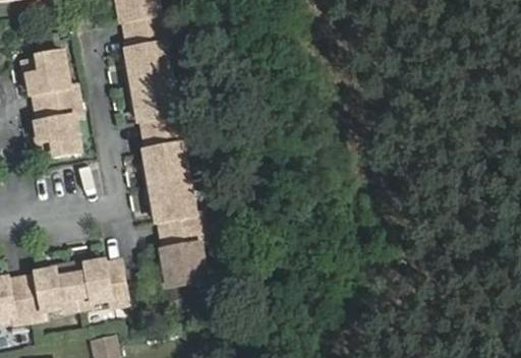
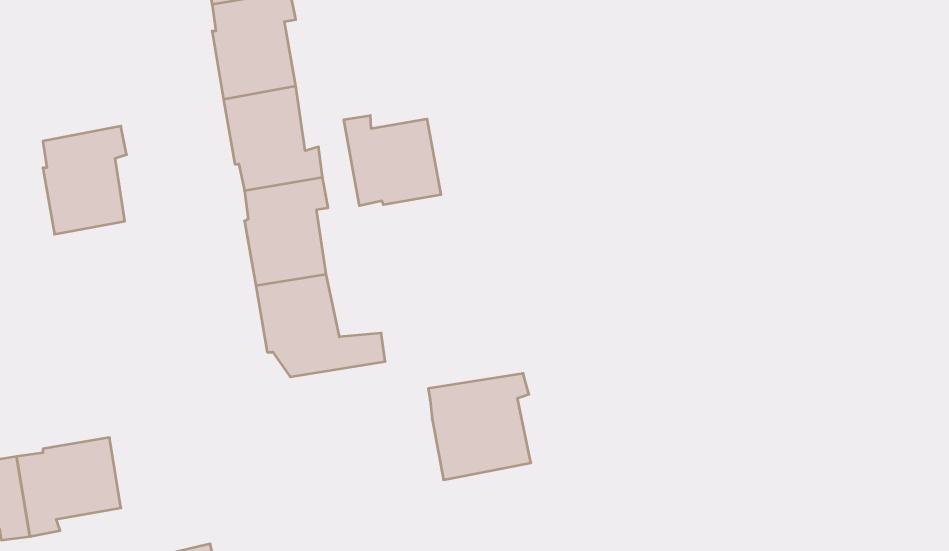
building: [21,52,74,108] -> none
building: none -> [344,115,441,206]
building: [165,226,220,283] -> [428,373,531,480]
building: [68,259,125,304] -> none

